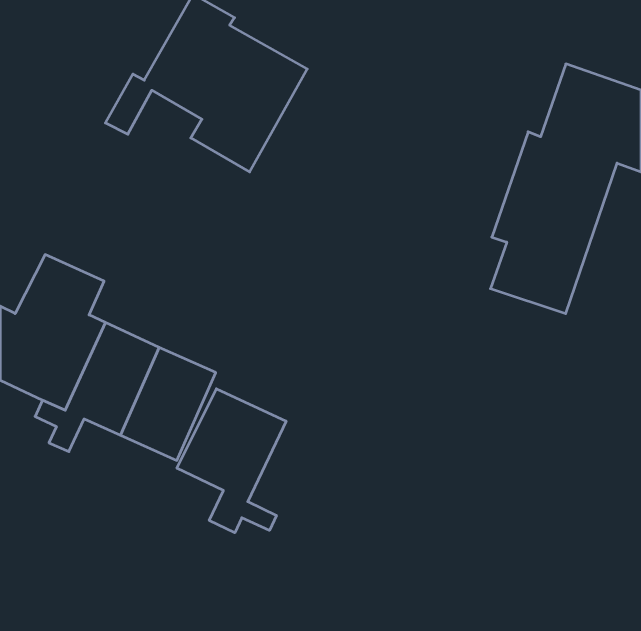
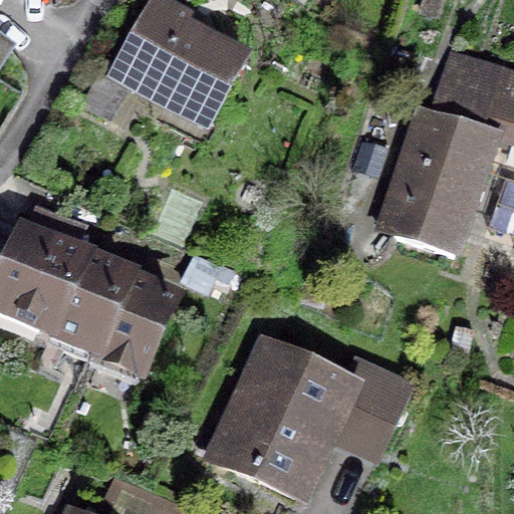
building: [177,389,286,533] -> none
building: none -> [212,339,409,497]

